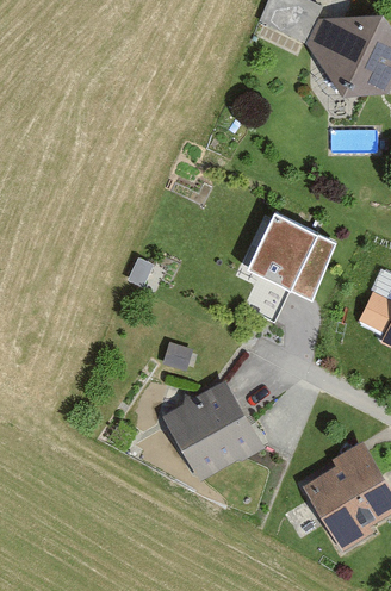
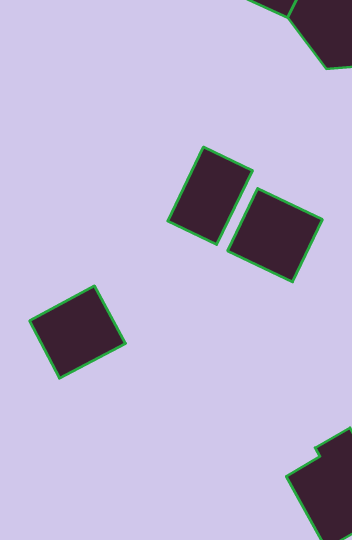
building: none -> [168,147,252,245]
building: [166,384,257,472] -> [30,286,126,378]

